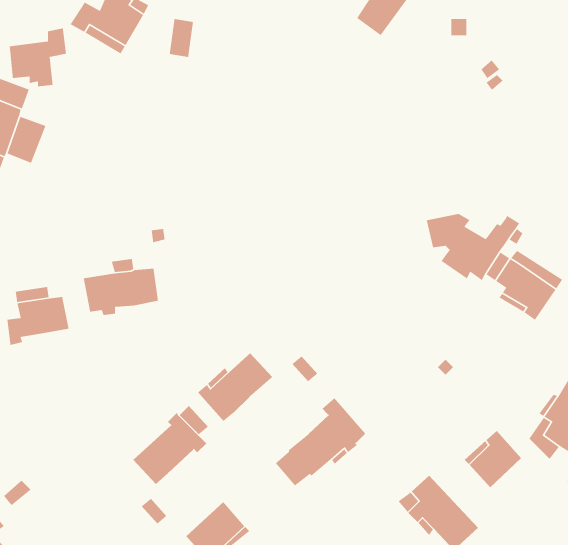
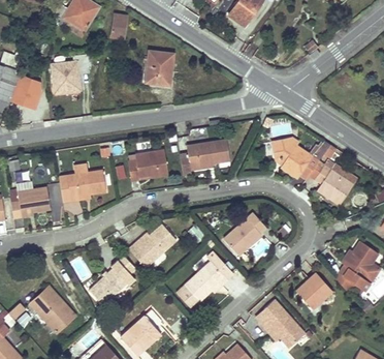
building: [9,28,67,87] -> [52,54,88,91]
building: none -> [143,51,172,86]
building: none -> [179,139,228,173]
building: none -> [126,149,166,180]
building: none -> [223,213,265,256]
building: none -> [30,288,74,332]

